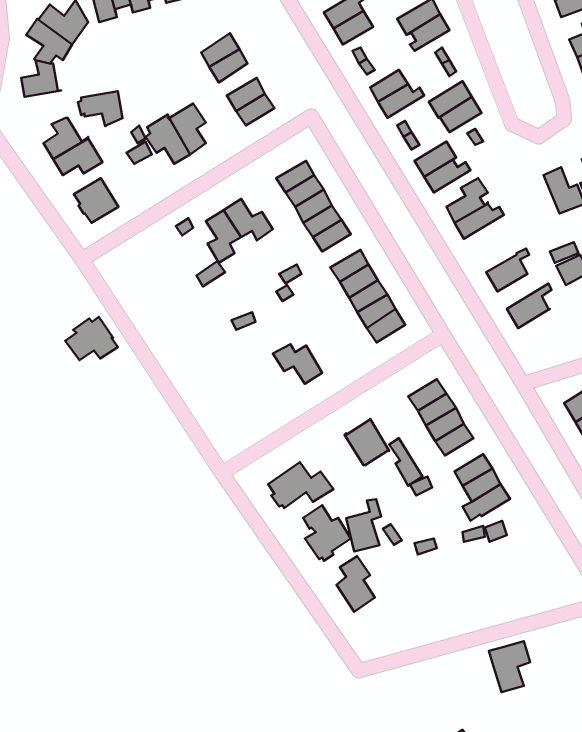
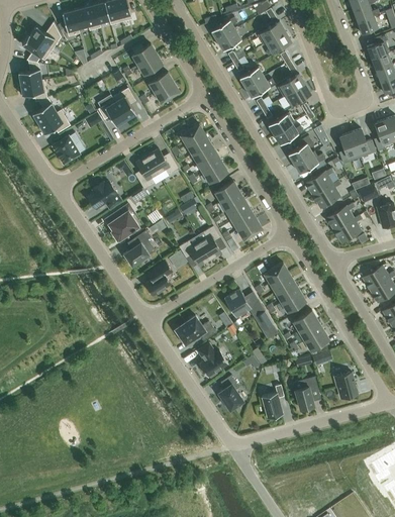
building: [78,91,123,126] -> [18,80,46,102]
building: none -> [338,133,360,164]
building: none -> [305,168,333,195]
building: none -> [109,205,137,239]
building: none -> [333,214,362,242]
building: [65,317,118,360] -> [87,181,120,208]
building: none -> [199,225,221,258]
building: none -> [122,230,155,266]
building: none -> [144,261,173,296]
building: [346,499,381,552] -> [262,385,284,418]
building: none -> [333,372,357,398]
building: [489,641,530,692] -> [292,377,318,409]

